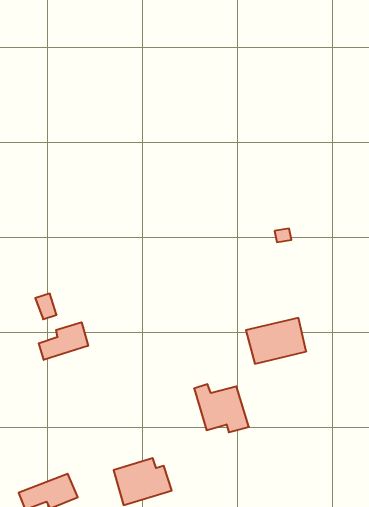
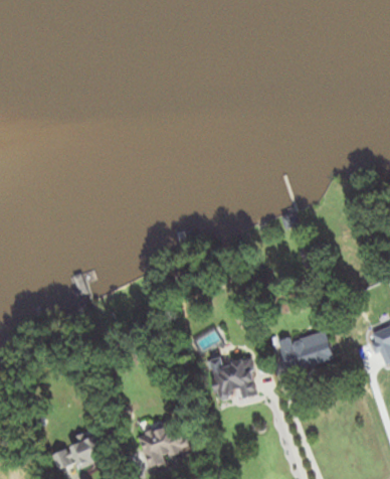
building: [246,318,306,364] -> [278,329,333,370]
building: [39,322,88,360] -> none

